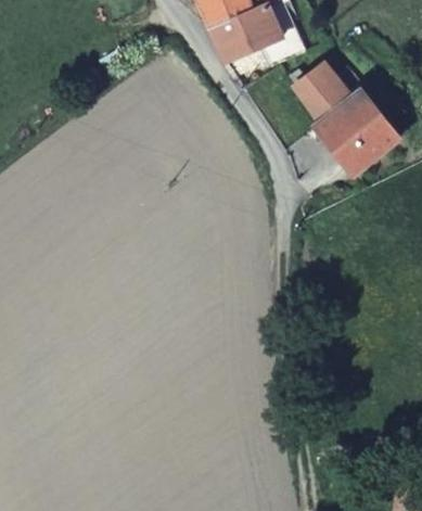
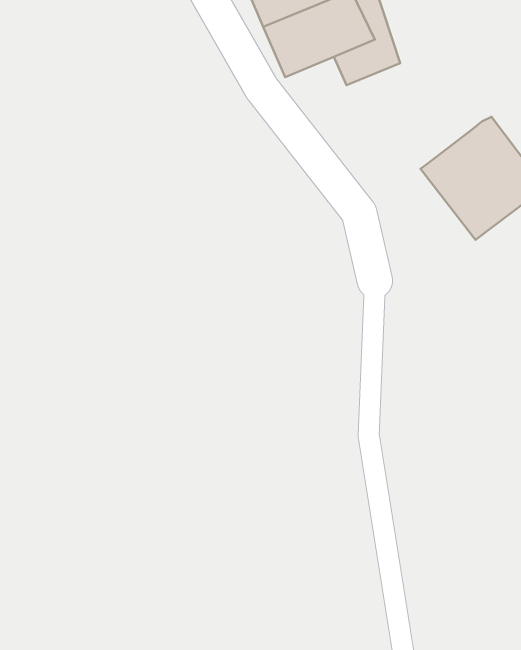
building: [292,61,350,123] -> none

